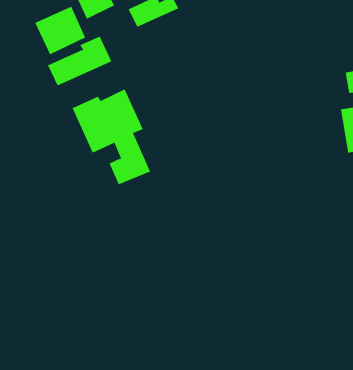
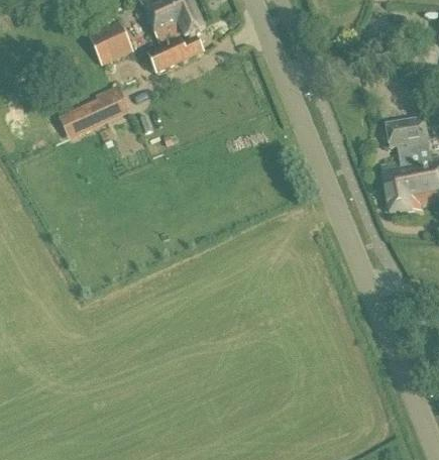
building: [34,6,86,55] -> none
building: [72,89,151,185] -> none

